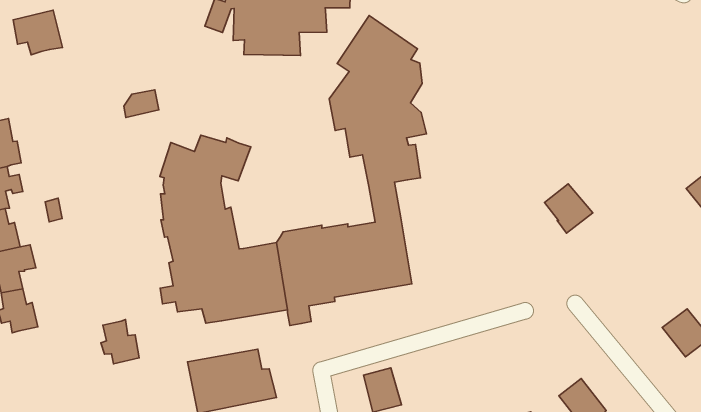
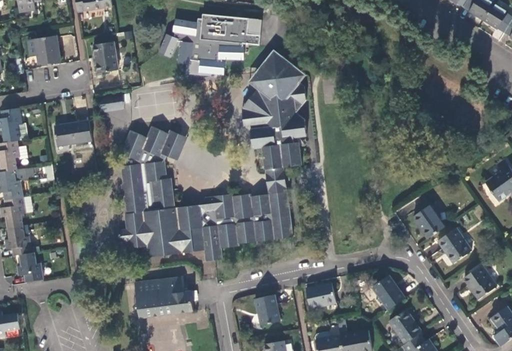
building: none -> [92,41,118,73]
building: none -> [54,120,92,146]
building: [545,184,593,233] -> [413,205,446,239]
building: none -> [438,228,471,263]
building: [101,320,139,364] -> [17,252,43,282]
building: none -> [372,276,405,310]
building: none -> [305,283,336,309]

